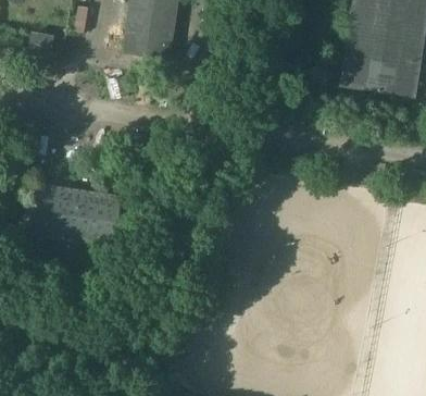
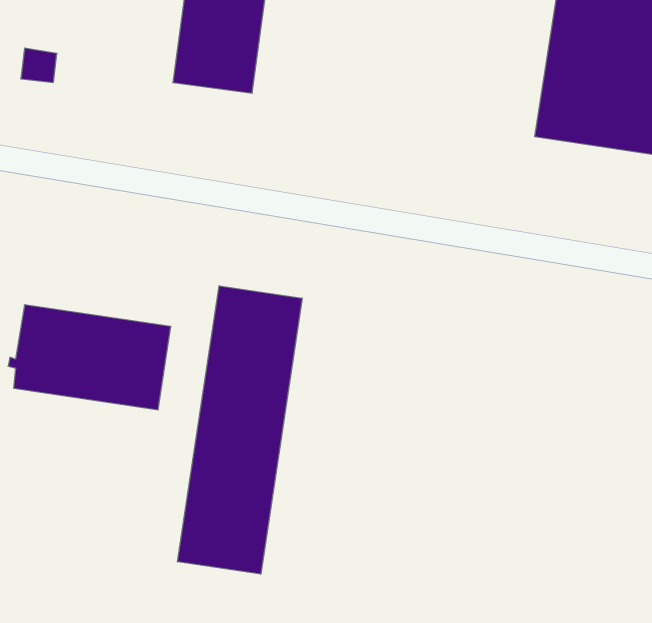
building: none -> [178,286,302,574]

